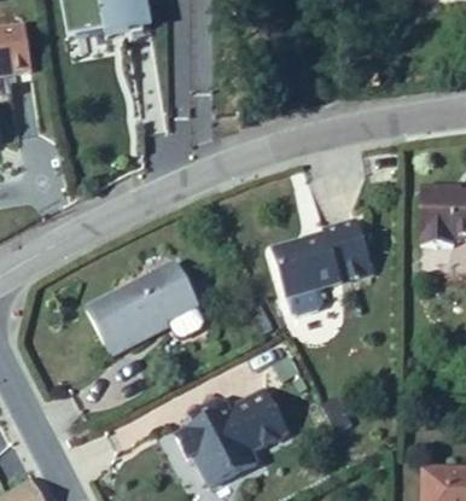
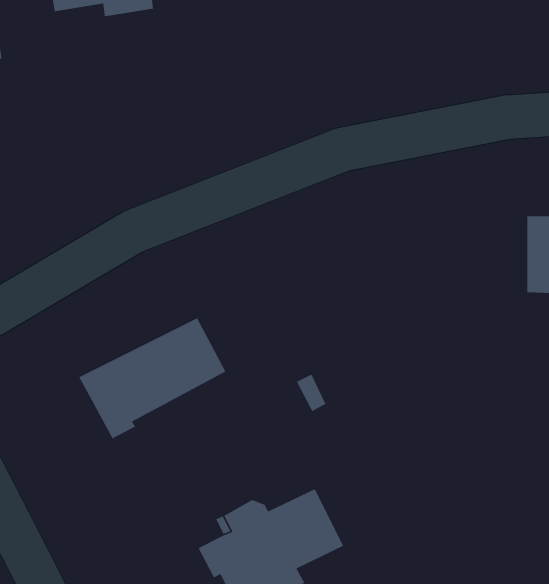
building: [273,219,371,296] -> none

